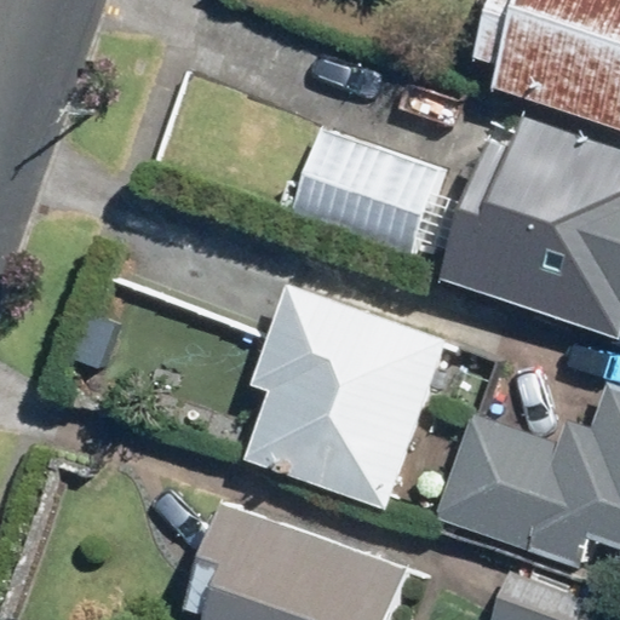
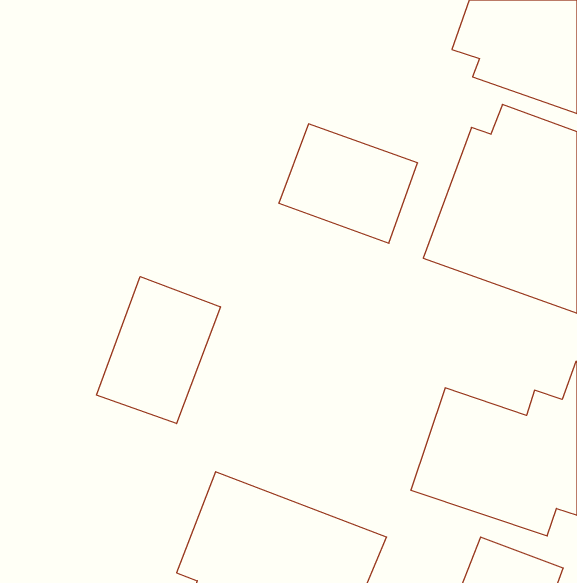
building: [248,282,448,511] -> none
building: none -> [96,277,220,424]

